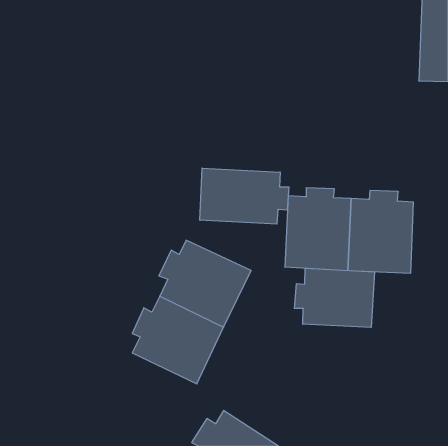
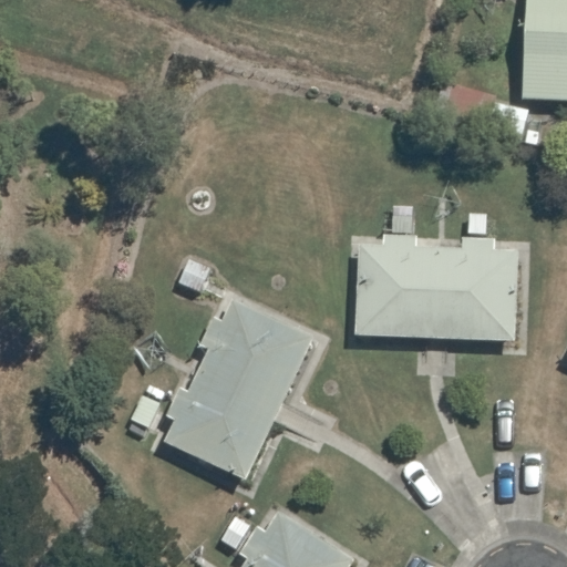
building: [200,168,289,224] -> none
building: [294,268,374,327] -> none

